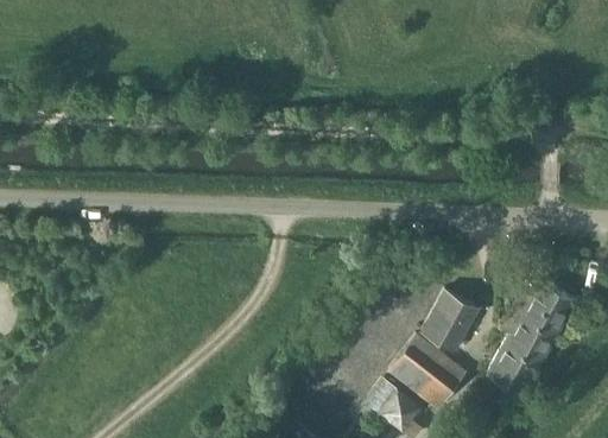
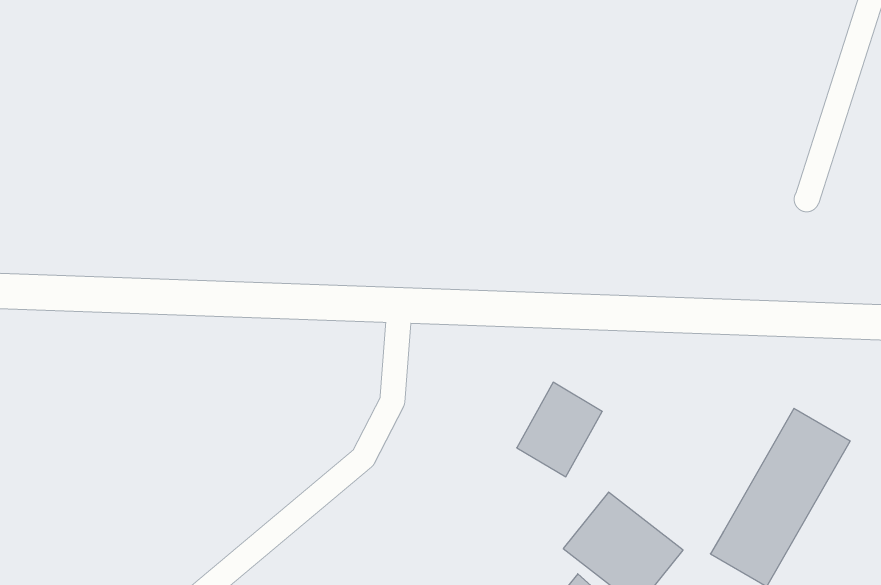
building: [422,290,477,351] -> [517,382,602,477]

